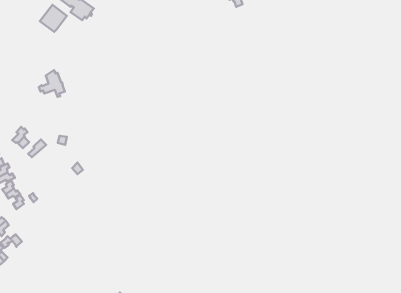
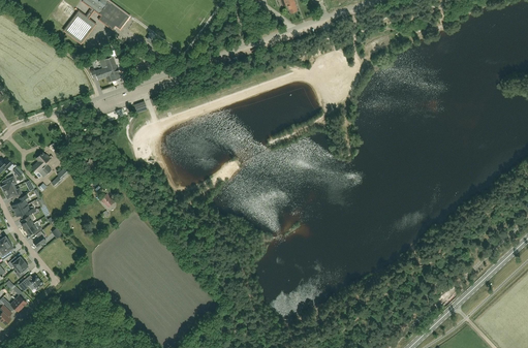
building: [39,70,65,97] -> [91,53,121,84]

